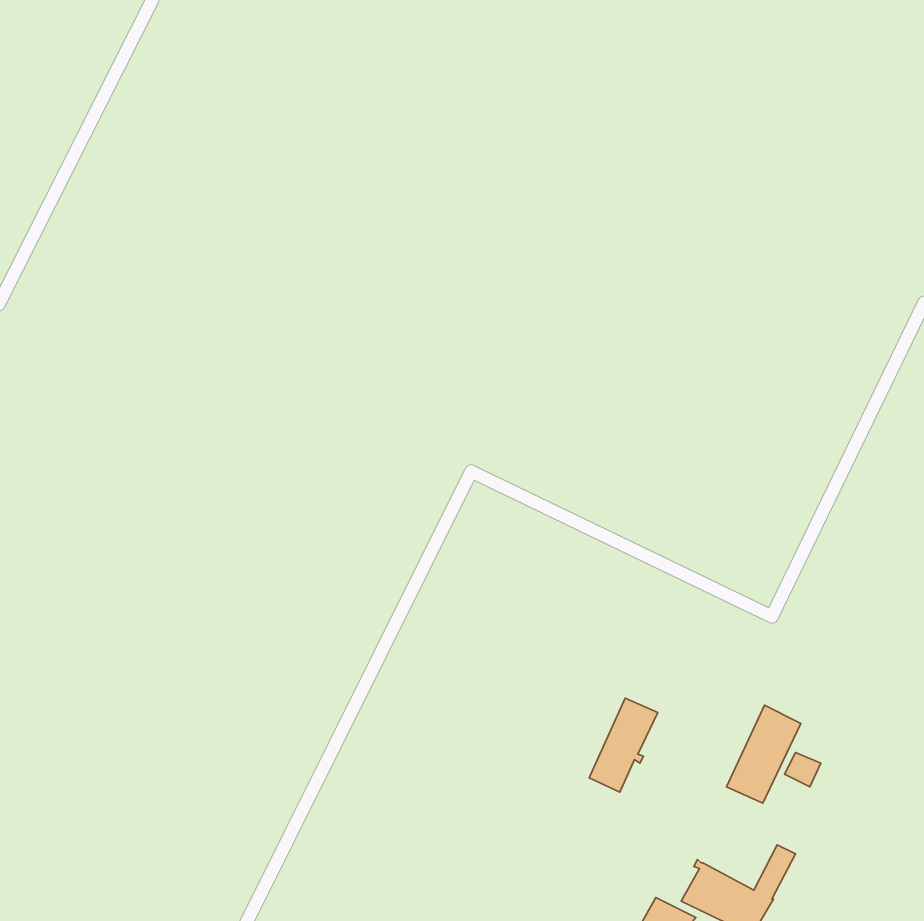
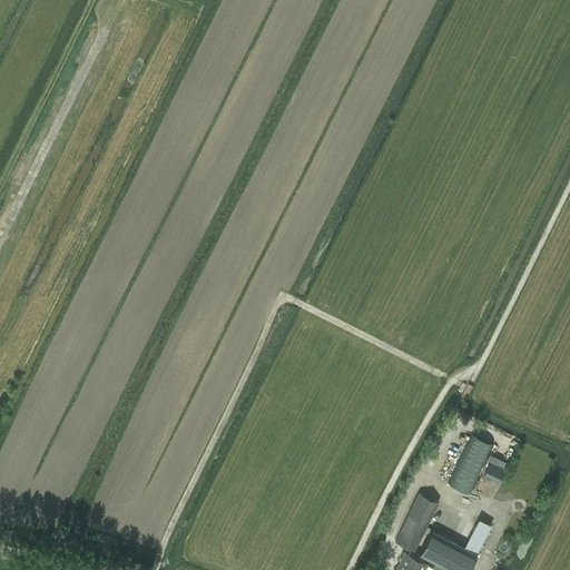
building: [589,698,658,792] -> [395,495,438,553]

